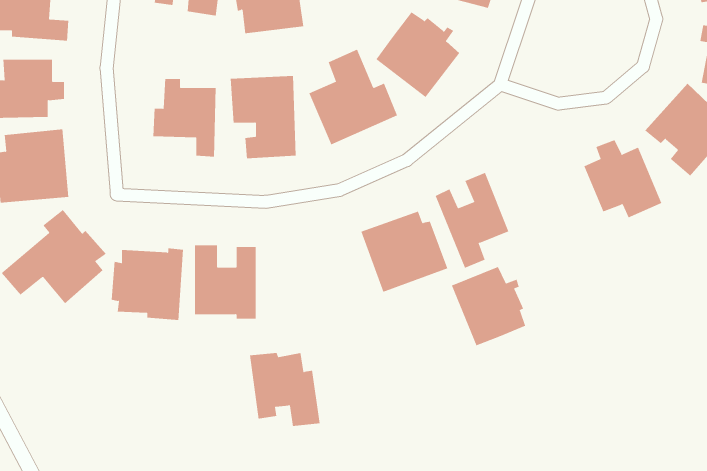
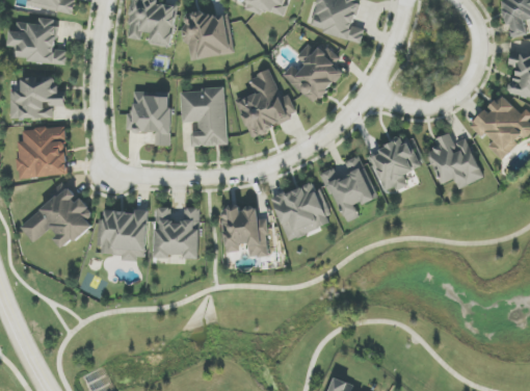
building: none -> [368,135,420,190]
building: [451,266,526,346] -> none
building: [249,352,320,427] -> [219,205,269,257]

